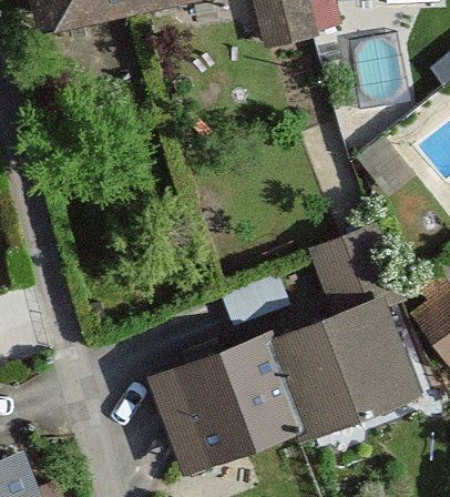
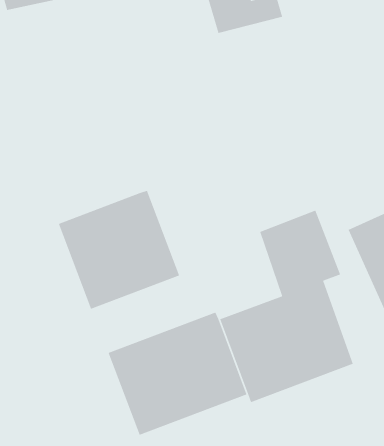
building: none -> [58,190,180,310]

